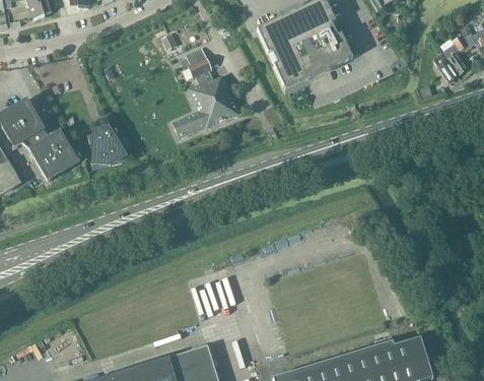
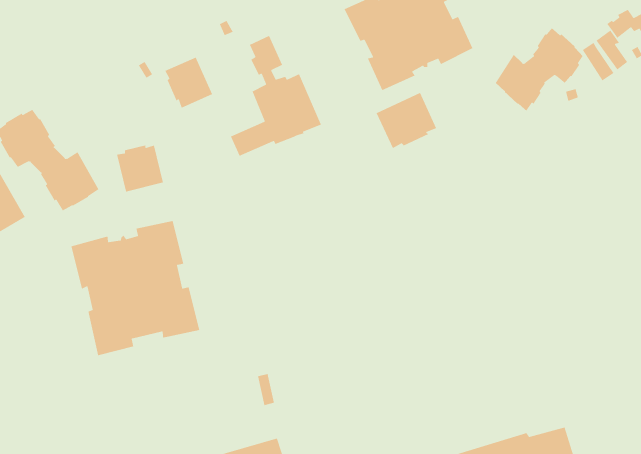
building: none -> [495,27,584,112]
building: none -> [164,56,213,109]
building: none -> [375,92,437,149]
building: none -> [70,220,200,356]

